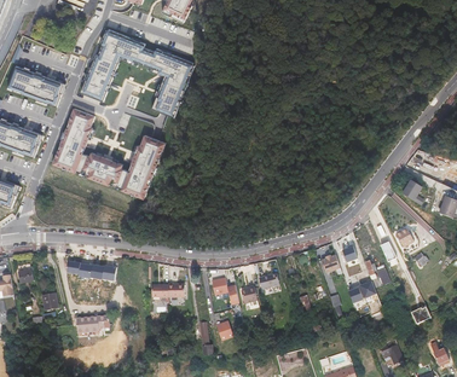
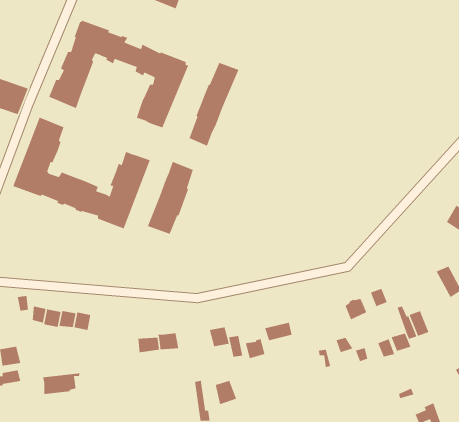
building: none -> [189,62,239,147]
building: none -> [147,161,194,235]

